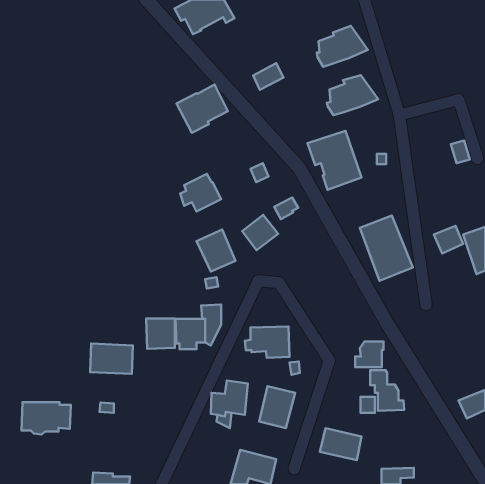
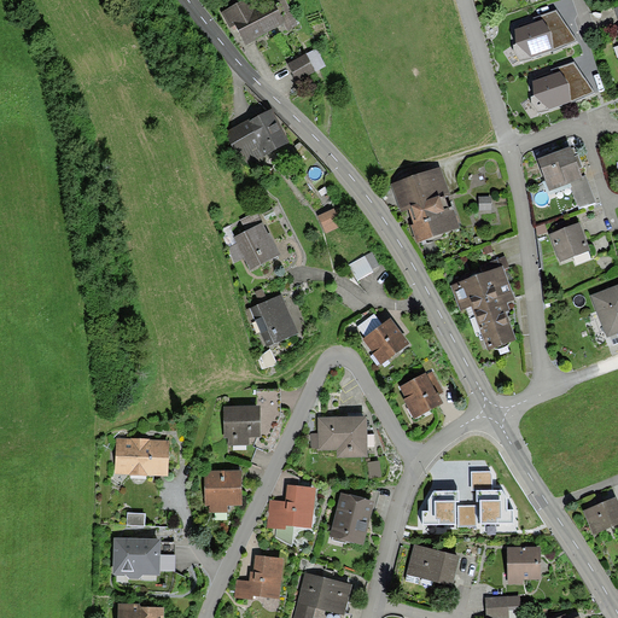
building: [317,26,368,67] -> [513,8,578,60]
building: [253,63,284,90] -> [288,47,327,81]
building: [327,75,378,115] -> [530,62,595,112]
building: none -> [538,150,578,188]
building: [242,215,278,250] -> [363,317,409,362]
building: [434,226,463,253] -> [549,226,587,261]
building: none -> [401,375,439,419]
building: [146,319,175,349] -> [205,471,241,509]
building: [355,341,384,367] -> [422,490,459,523]
building: [21,402,71,434] -> [113,537,176,578]
building: none -> [507,546,542,583]
building: none -> [234,554,284,599]

